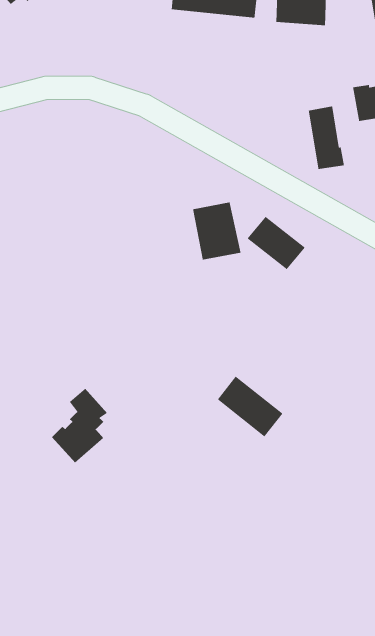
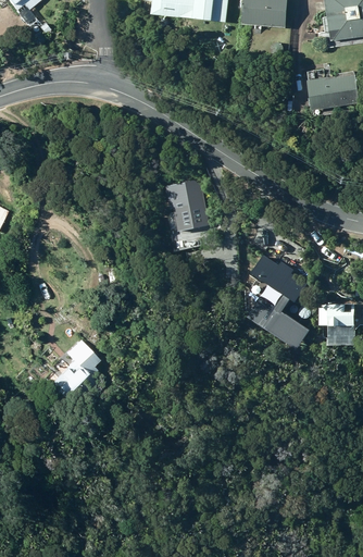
building: [308,105,345,170] -> none
building: [247,216,306,270] -> [249,255,300,301]
building: [217,376,283,437] -> [248,298,305,351]

